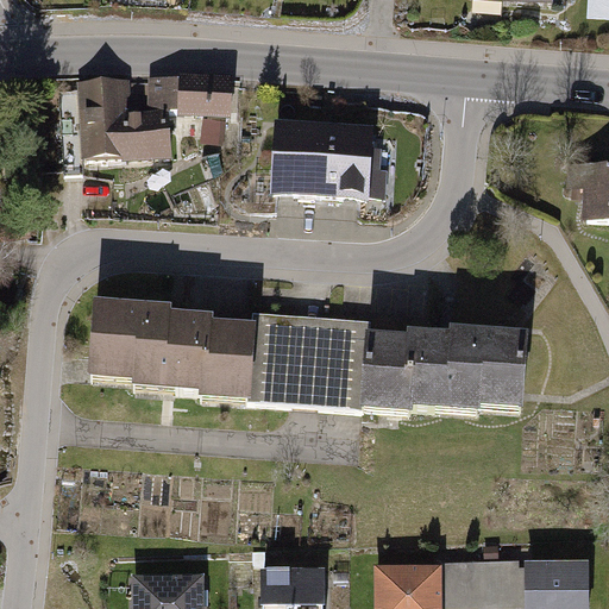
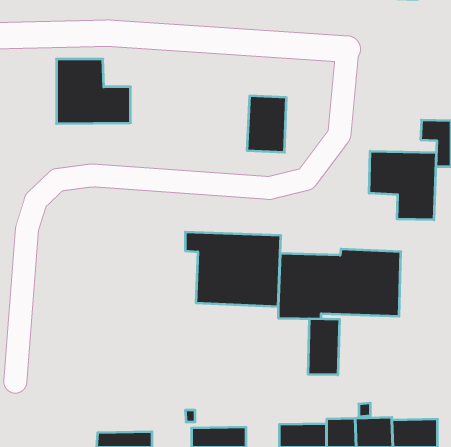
building: [137,77,238,139] -> none
building: [272,124,332,200] -> none
building: none -> [369,151,436,220]
building: [95,306,263,413] -> none
building: none -> [308,319,340,375]

